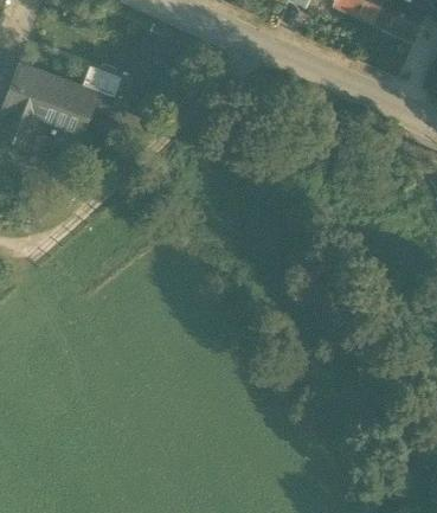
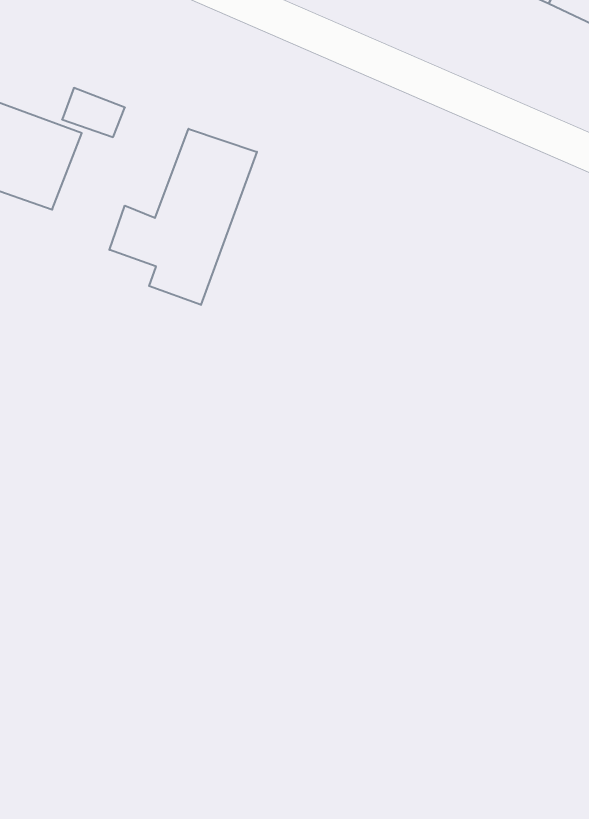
building: none -> [109,129,257,305]

